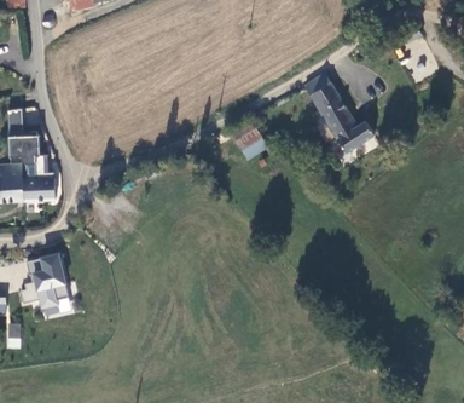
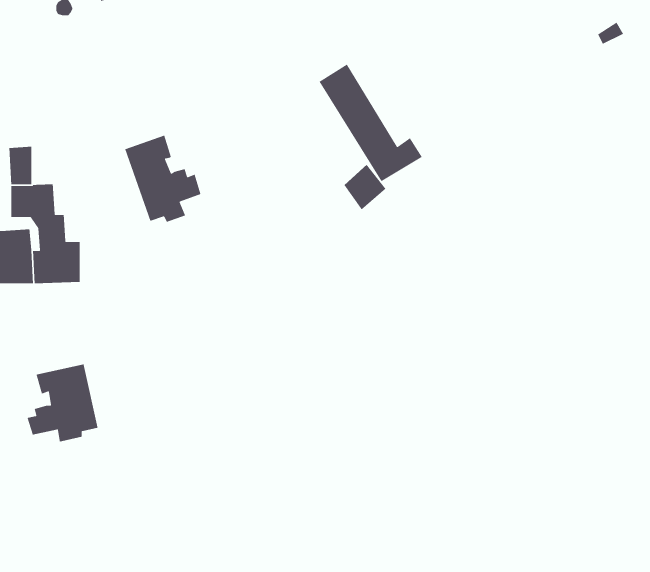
building: [303,71,373,151] -> [318,64,423,182]
building: none -> [124,134,201,223]

